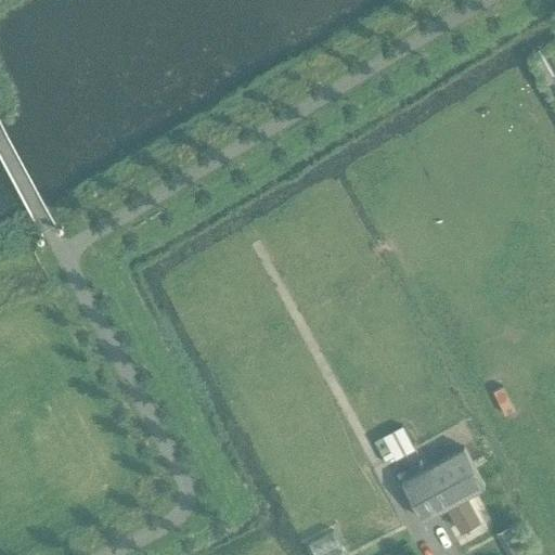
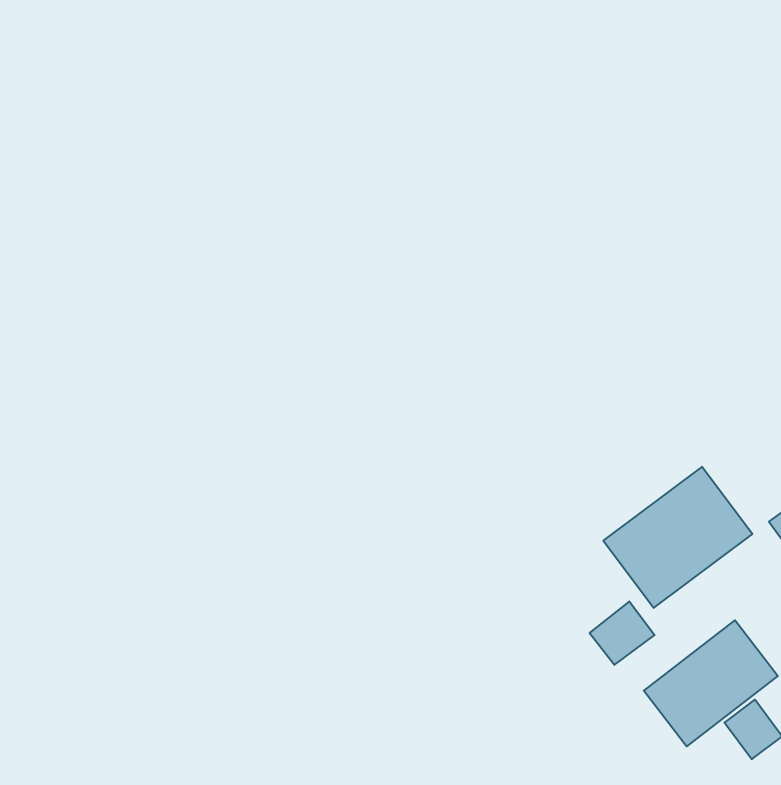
building: none -> [603,467,752,608]

